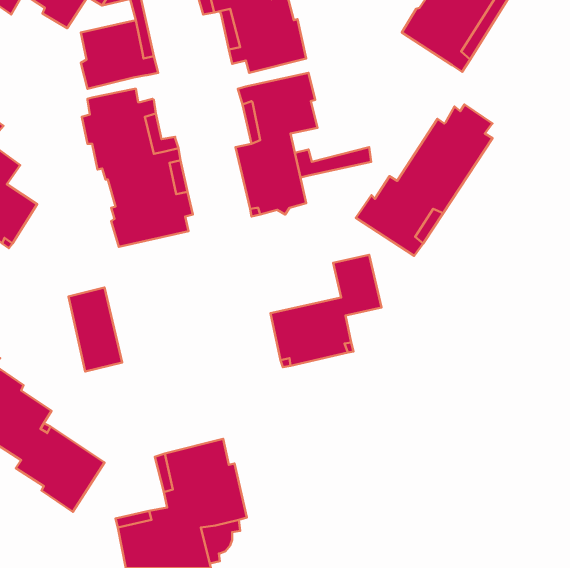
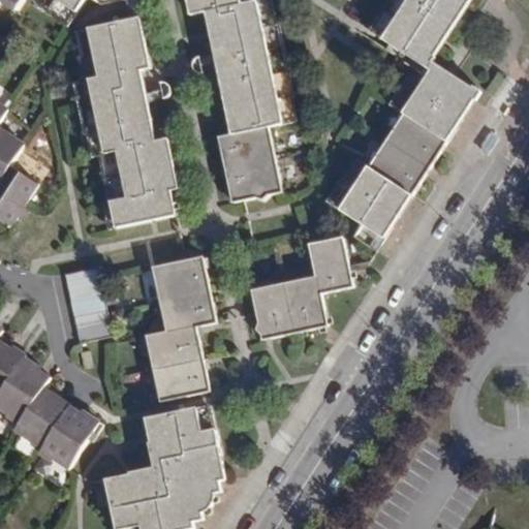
building: none -> [391,60,474,127]
building: none -> [70,69,141,107]
building: [295,147,371,178] -> [214,54,284,82]
building: none -> [147,255,214,400]

